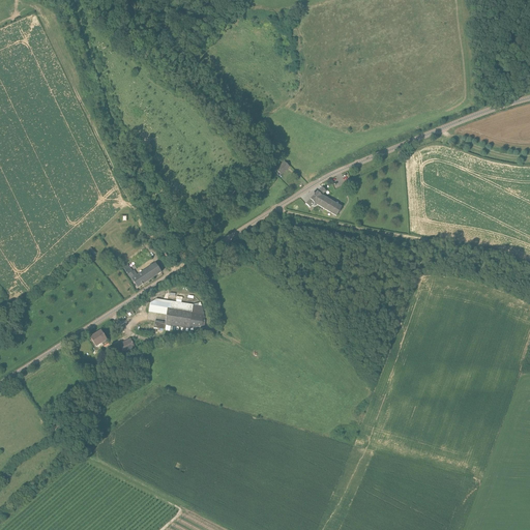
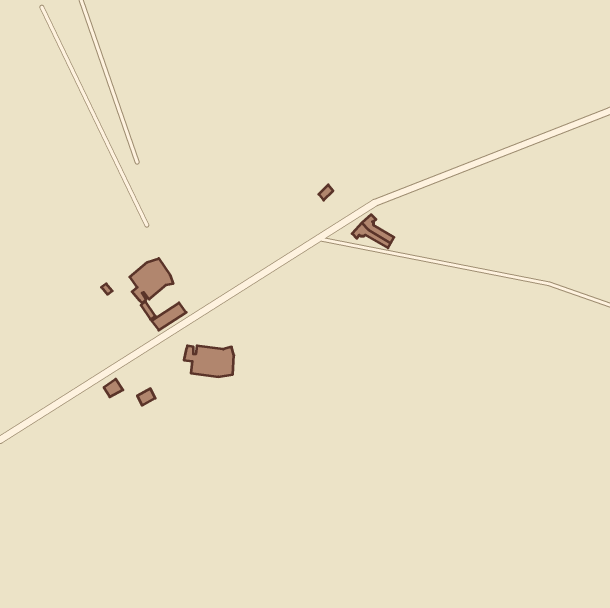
building: none -> [130,258,173,303]

